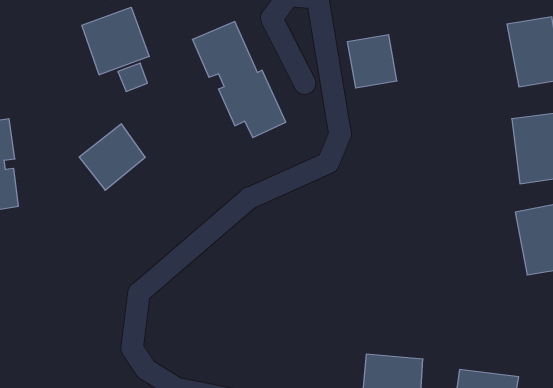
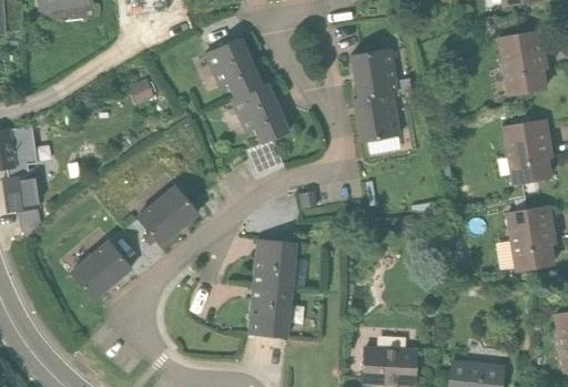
building: [82,7,149,75] -> none
building: none -> [353,91,403,139]
building: [79,124,145,190] -> [138,183,200,245]
building: none -> [248,238,297,338]
building: none -> [71,240,134,301]

